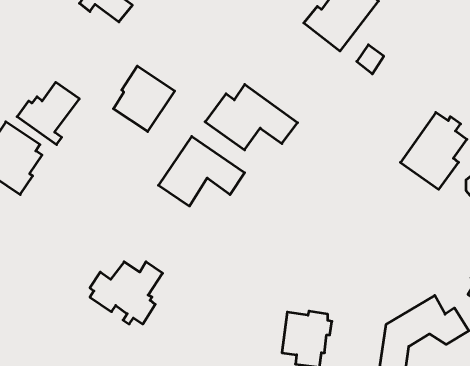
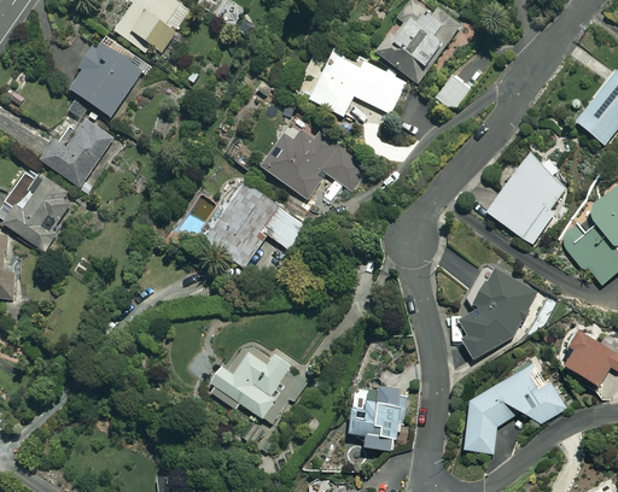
building: none -> [308,47,406,117]
building: [113,66,175,132] -> [71,40,142,116]
building: none -> [449,264,537,362]
building: [90,262,163,324] -> [210,352,295,424]

